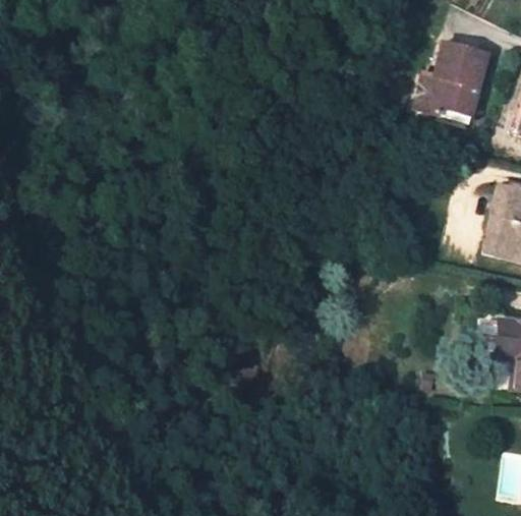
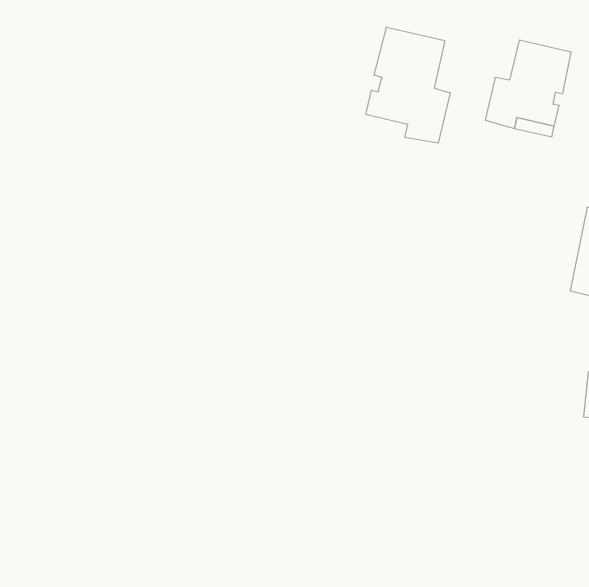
building: none -> [366,27,450,143]

